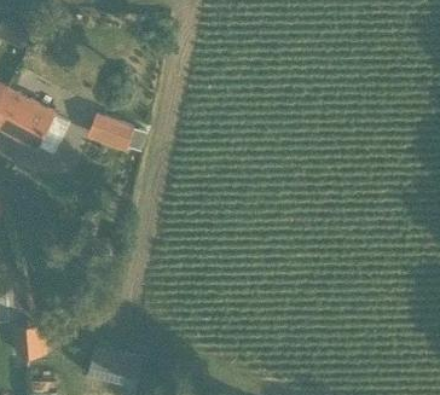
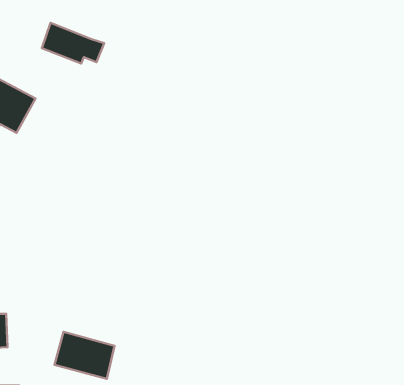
building: [88,114,147,152] -> [42,23,104,64]

